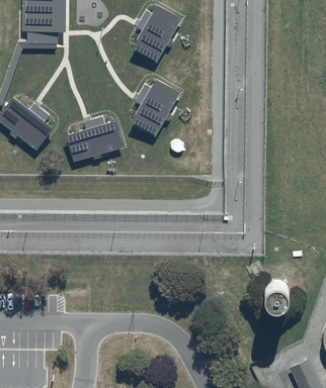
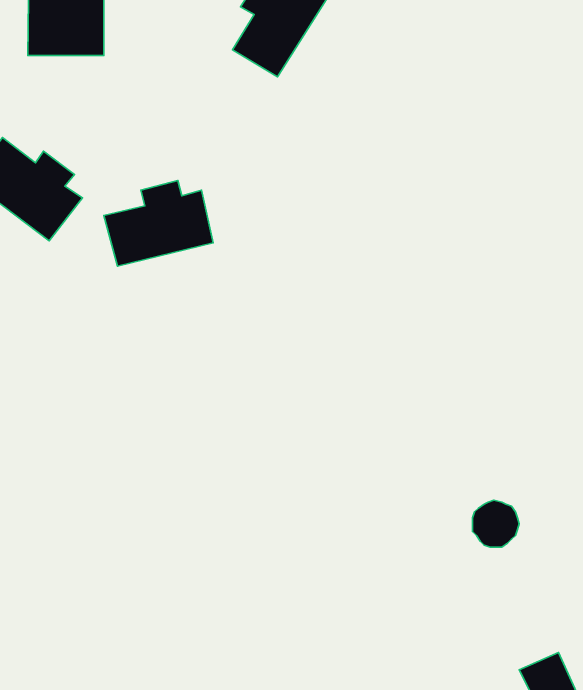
building: [132,78,182,136] -> none

